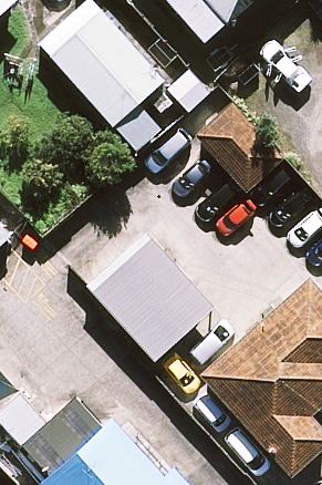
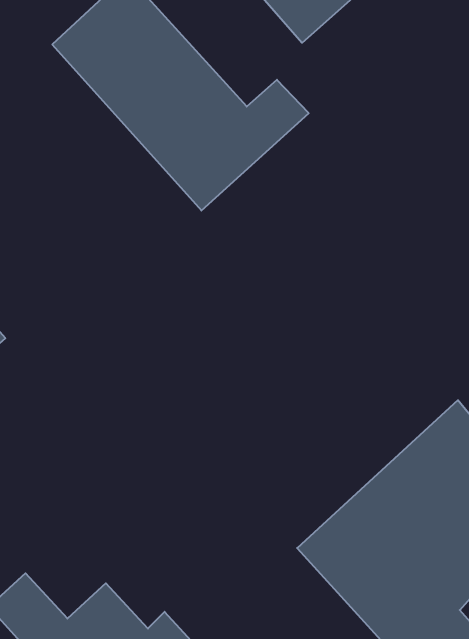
building: [193,100,281,192] -> none
building: [91,239,209,359] -> none

